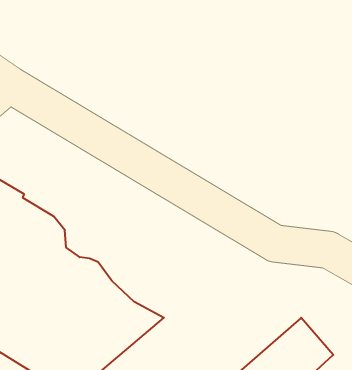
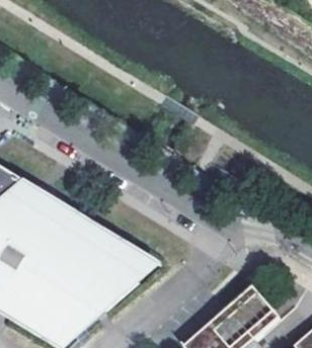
building: none -> [24,182,161,283]

